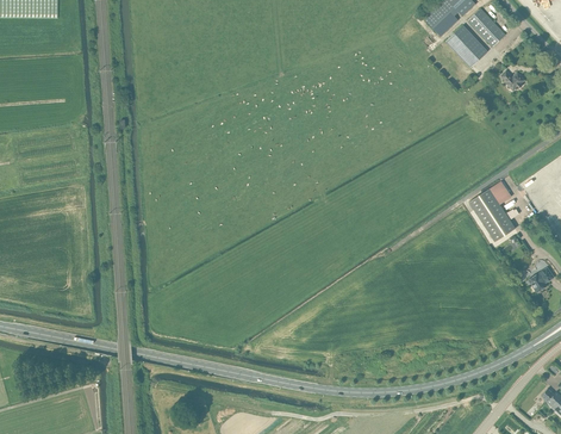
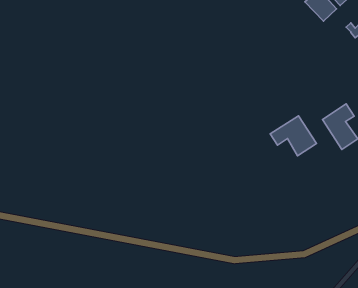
building: none -> [270,116,317,156]

